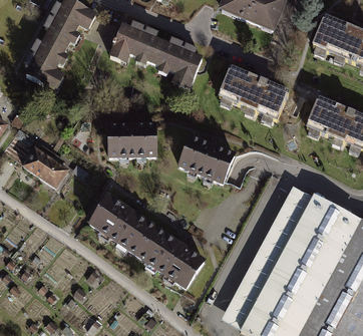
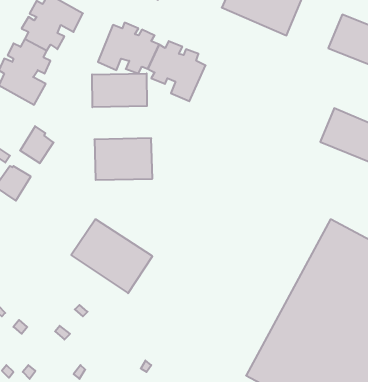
building: none -> [92,73,147,107]
building: [217,66,286,119] -> none
building: [178,134,237,184] -> none
building: [39,155,68,188] -> [20,126,54,163]
building: [219,182,312,328] -> none
building: [136,225,208,290] -> none

